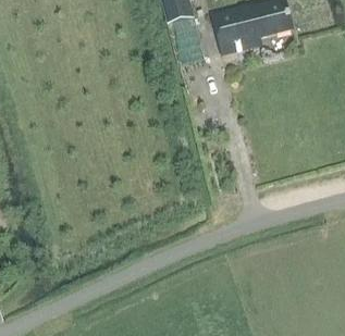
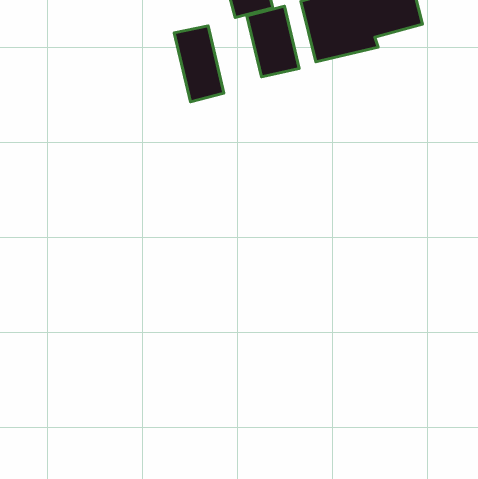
building: none -> [174,26,224,102]

